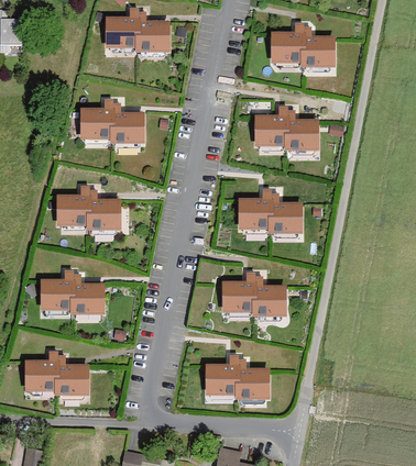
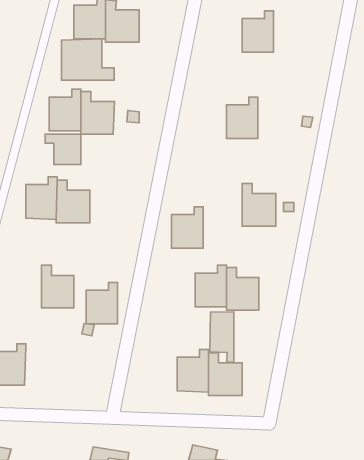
building: [300,26,333,68] -> none
building: none -> [62,39,114,80]
building: [285,111,318,152] -> none
building: none -> [45,134,81,165]
building: [239,190,270,231] -> [172,207,203,248]
building: [42,270,73,311] -> [86,282,117,324]
building: none -> [210,312,234,362]
building: [56,353,89,395] -> none

